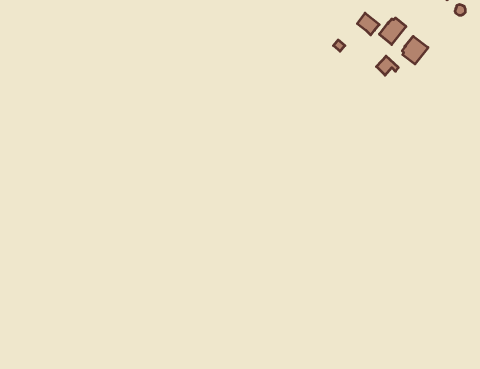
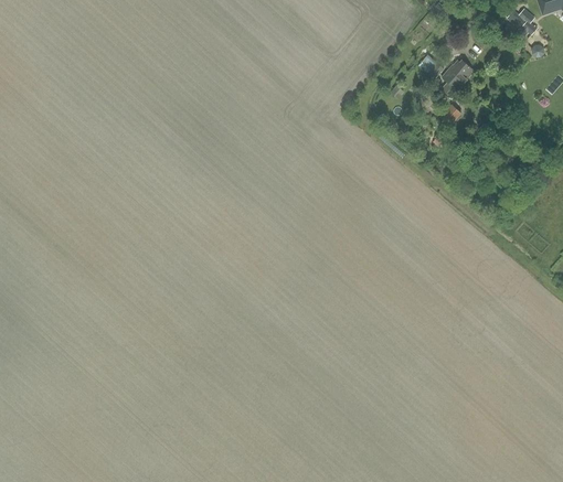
building: [402,36,428,64] -> none

